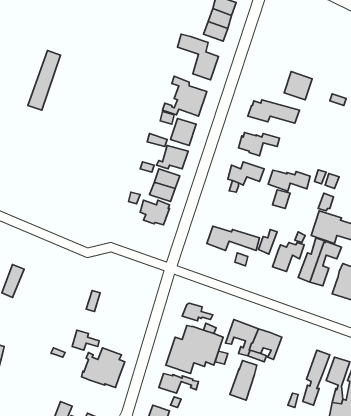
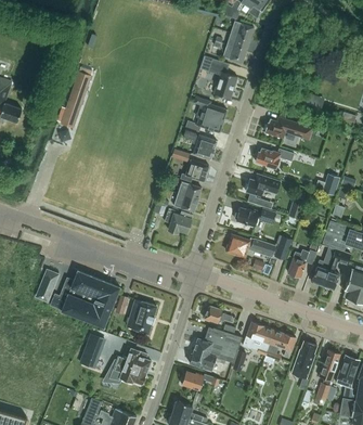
building: [268,170,310,191] -> [236,208,275,228]
building: none -> [50,271,120,329]
building: none -> [127,300,156,334]
building: [230,360,257,400] -> [291,342,316,378]

